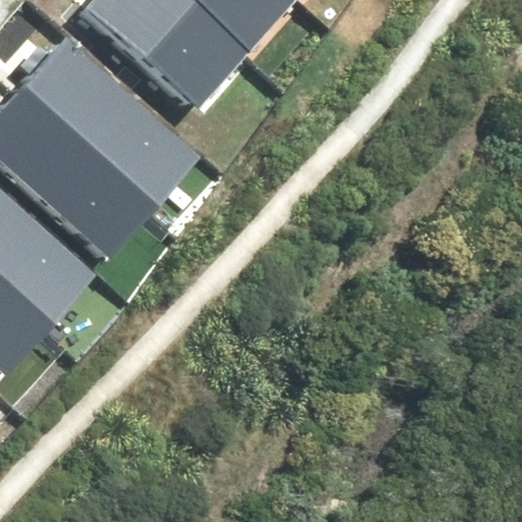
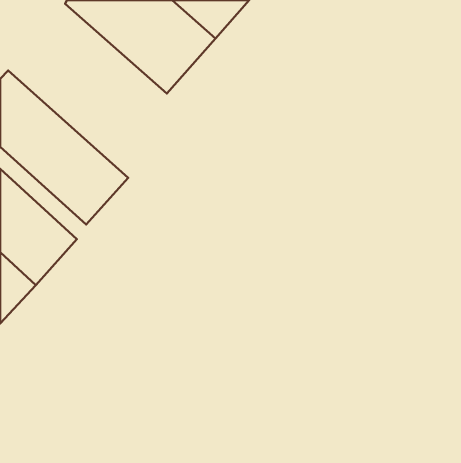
building: [17,34,197,204] -> none

